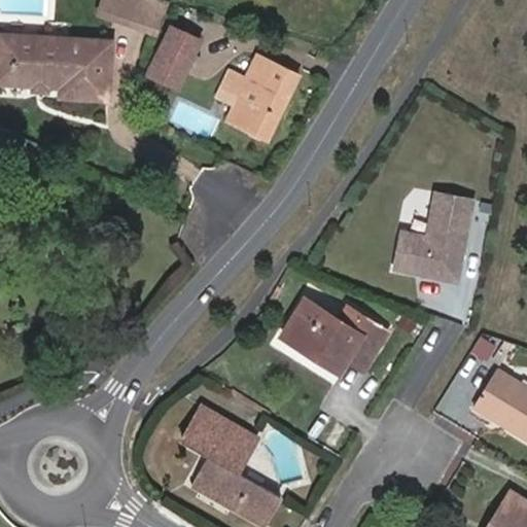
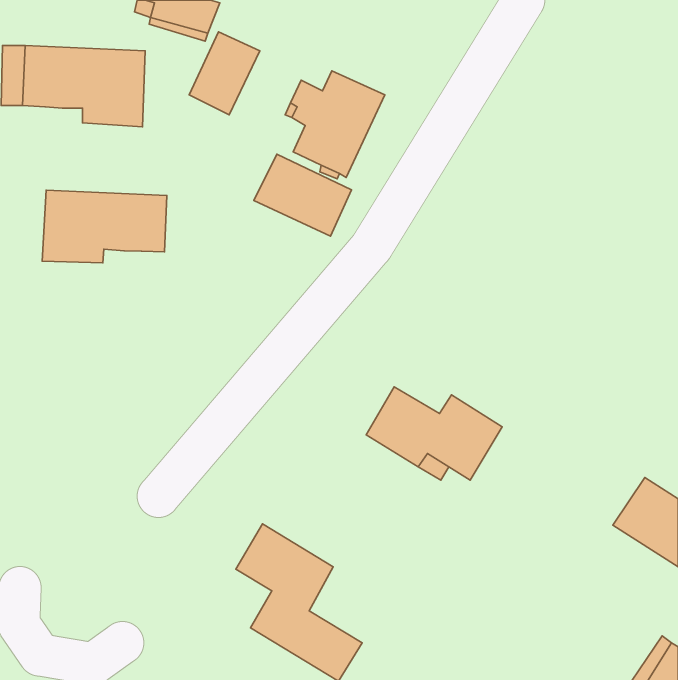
building: none -> [254,154,351,236]
building: none -> [42,190,167,263]
building: [392,191,472,281] -> none

